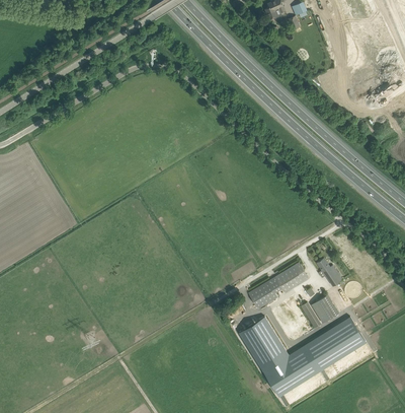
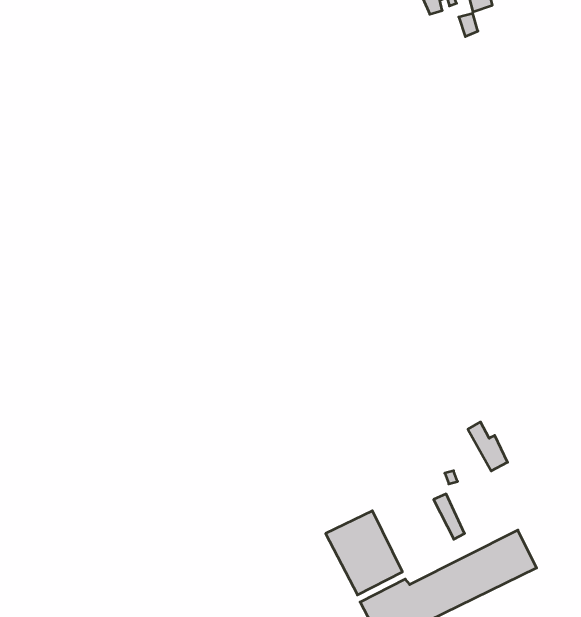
building: [248,262,308,308] -> none
building: [310,294,338,323] -> none

